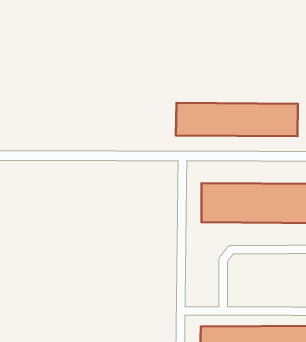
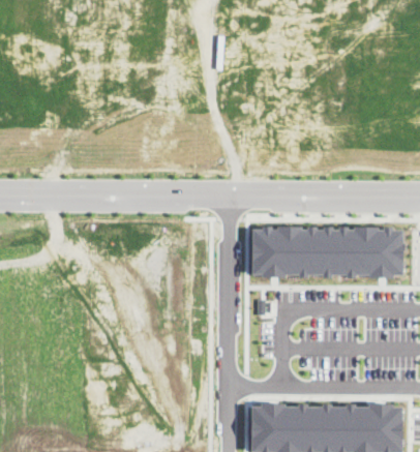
building: [176,103,298,136] -> none

